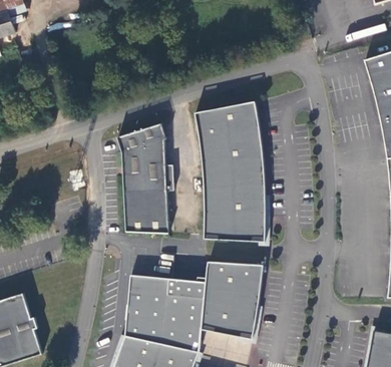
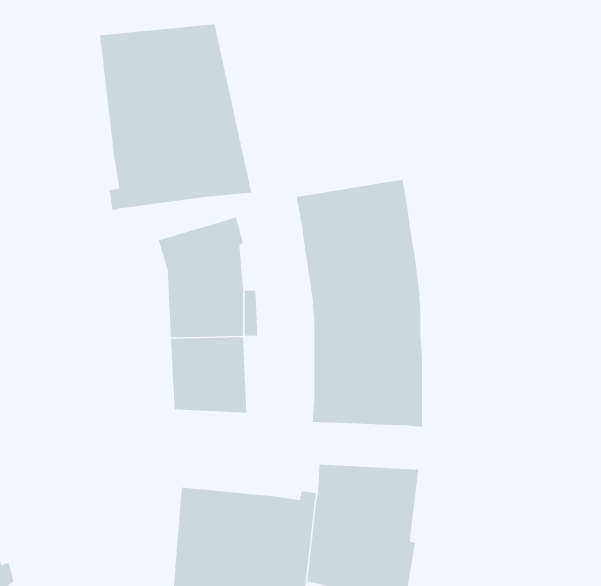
building: none -> [99,24,252,211]

